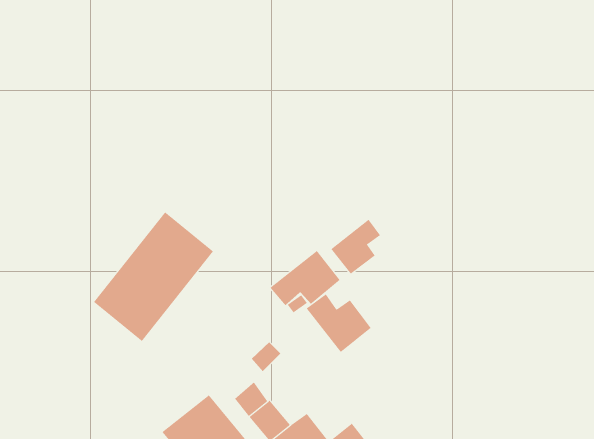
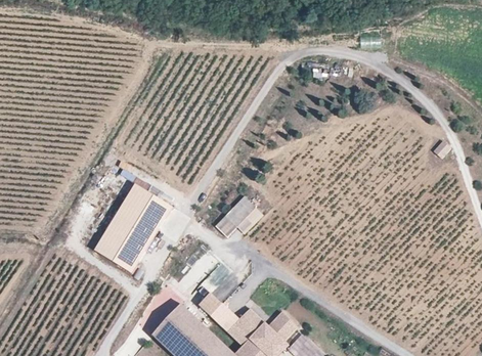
building: [331,219,381,274] -> none
building: [306,293,372,353] -> none

